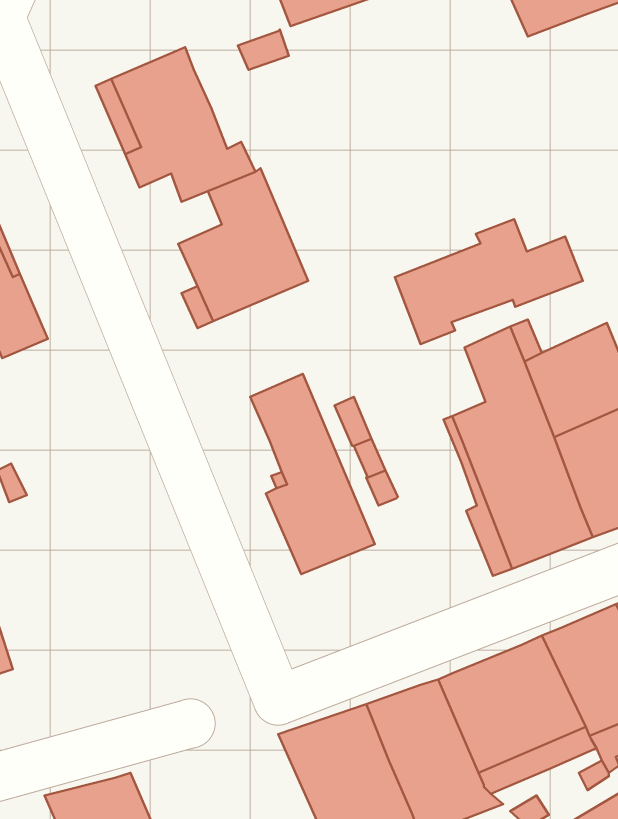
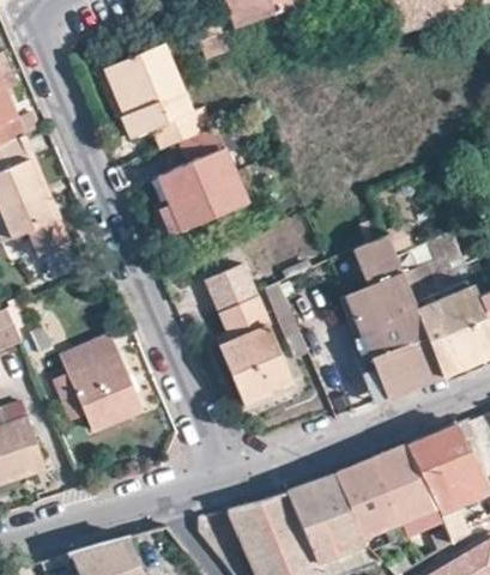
building: [395,219,583,344] -> none
building: none -> [59,335,143,430]

